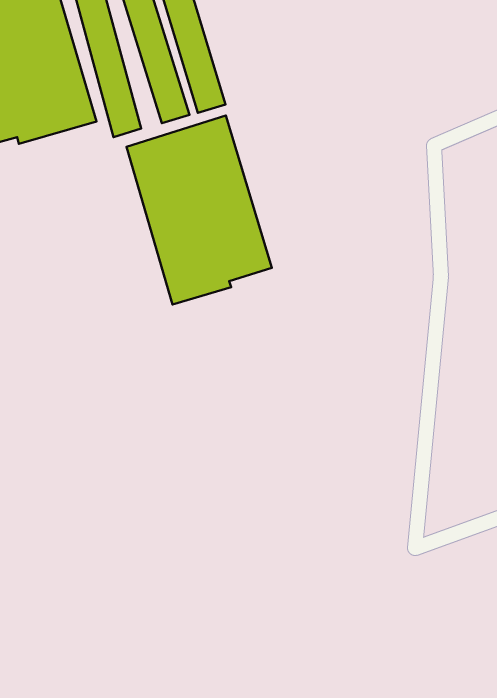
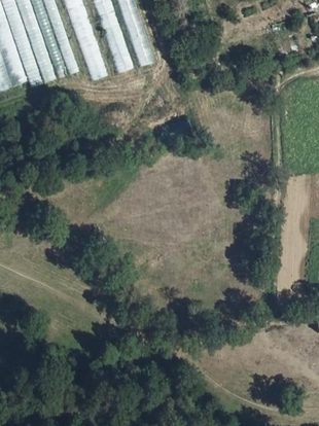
building: [126,116,272,304] -> none

